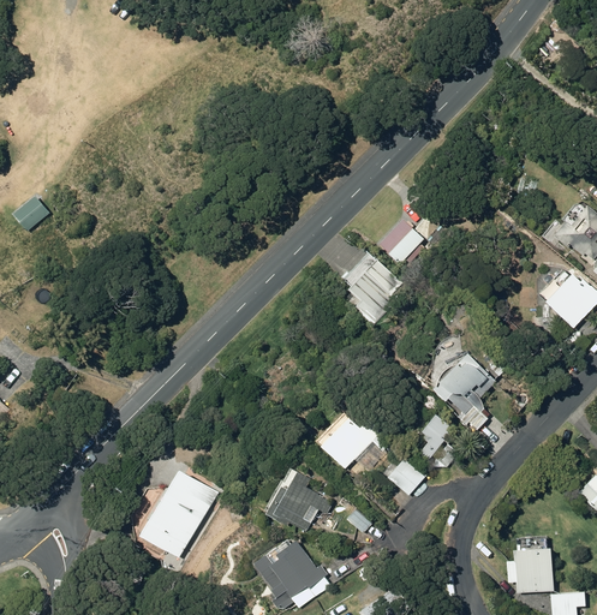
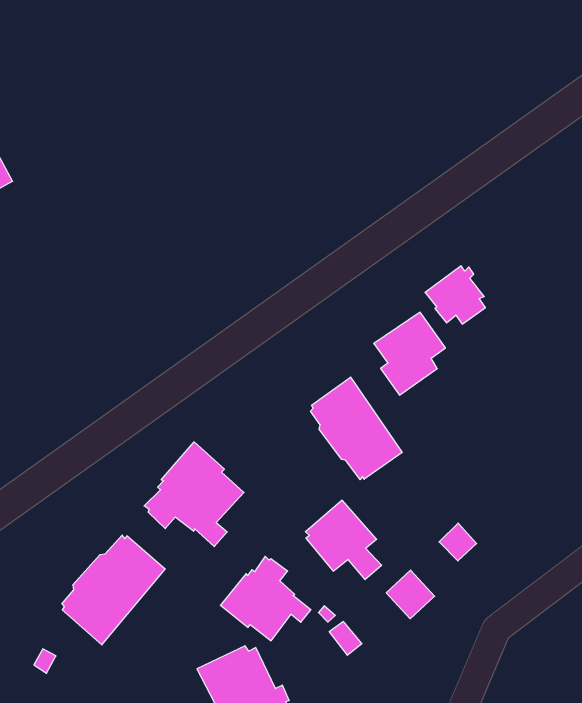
building: none -> [311,377,402,480]
building: [432,352,497,430] -> none
building: none -> [144,442,244,547]

